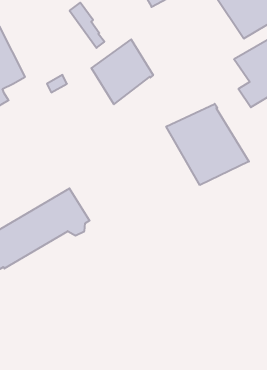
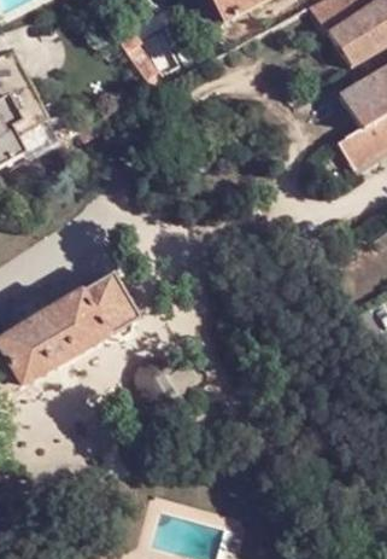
building: [91,39,153,104] -> none
building: [166,104,249,185] -> none

